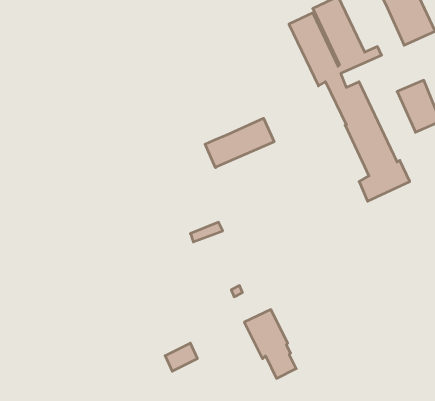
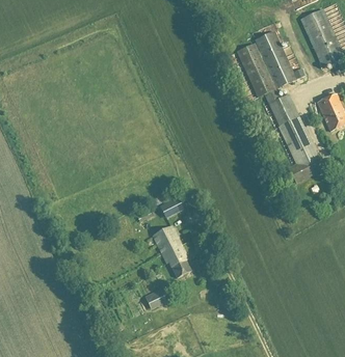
building: [205,118,274,168] -> none
building: [244,310,296,378] -> [152,226,190,277]

